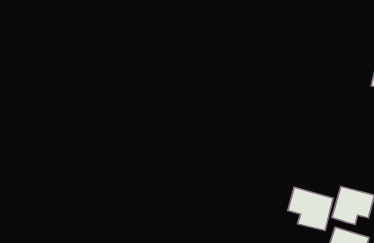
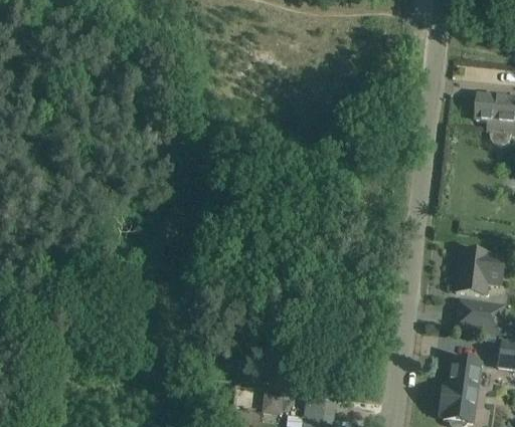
building: [288,187,333,231] -> none

